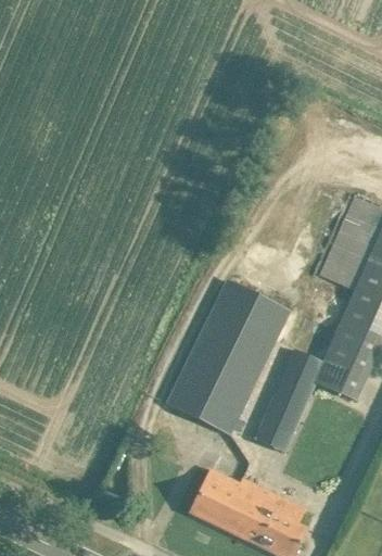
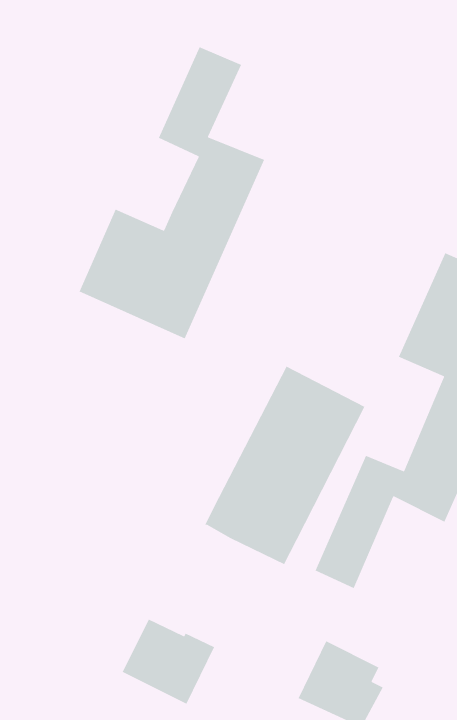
building: none -> [78,46,265,340]
building: [191,470,263,536] -> [121,618,215,705]

